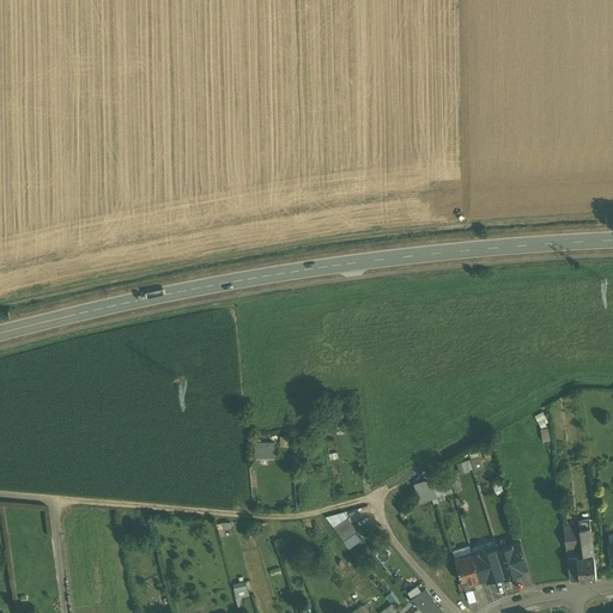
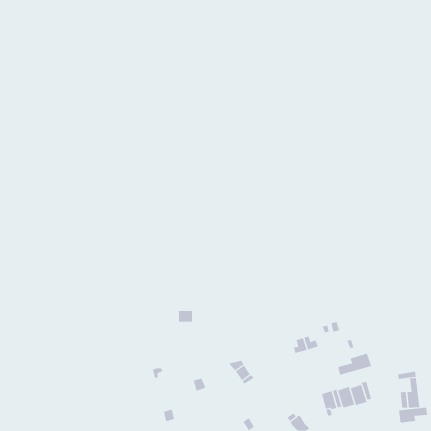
building: none -> [337,353,372,376]
building: none -> [398,407,427,423]

